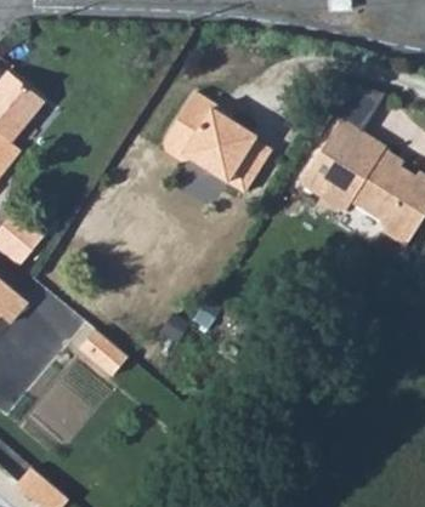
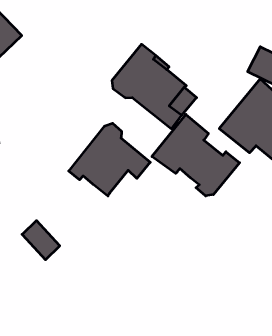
building: none -> [152,114,240,196]
building: none -> [69,123,150,196]

